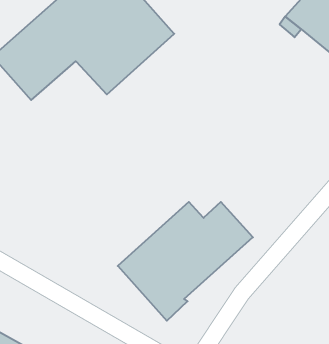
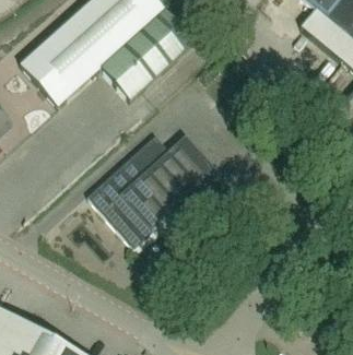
building: [118,202,253,321] -> [87,134,216,248]

